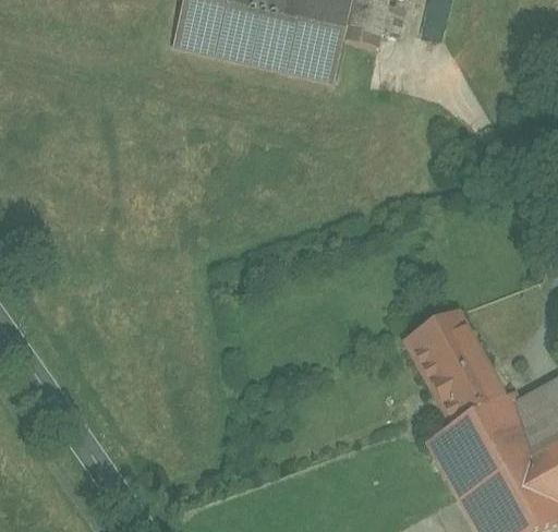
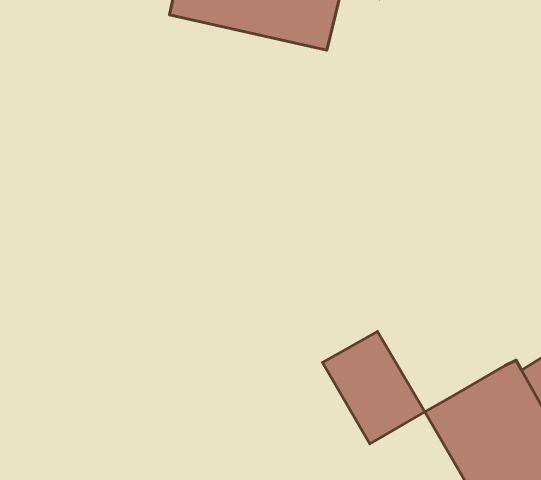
building: [405,314,507,425] -> [322,332,425,444]

